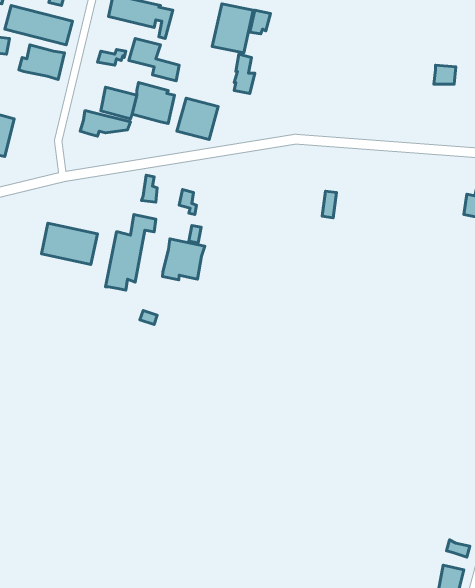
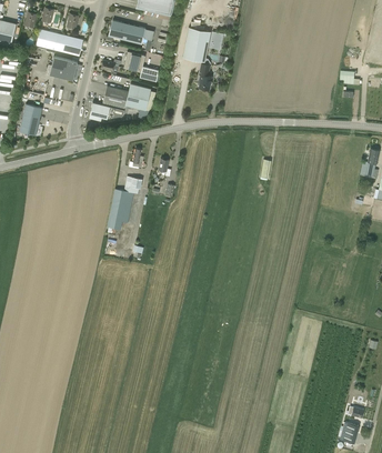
building: [177,98,218,139] -> none
building: [41,223,97,265] -> none
building: [162,239,205,280] -> none

